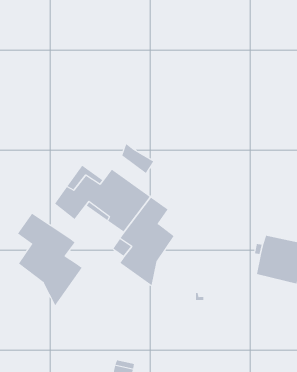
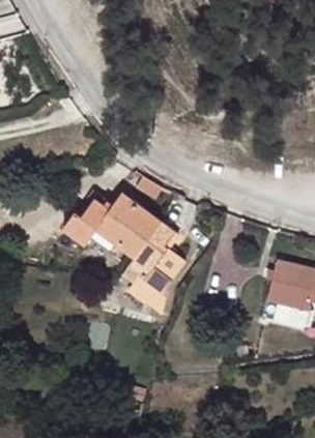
building: [17,212,83,306] -> none

